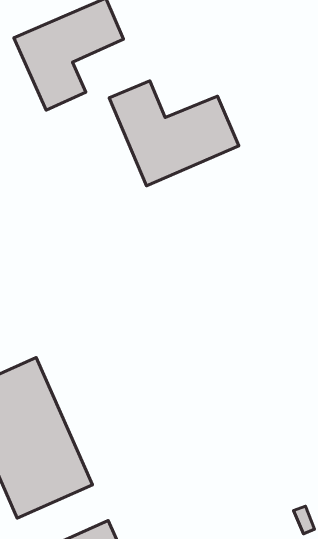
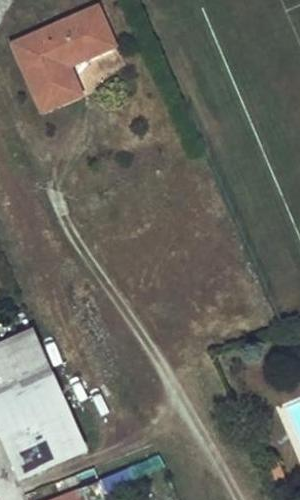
building: [109,81,239,186] -> none

